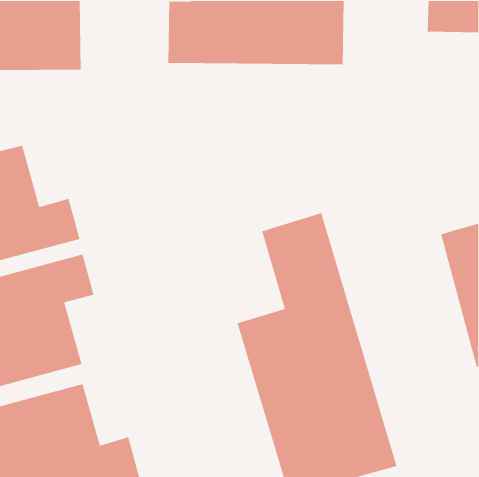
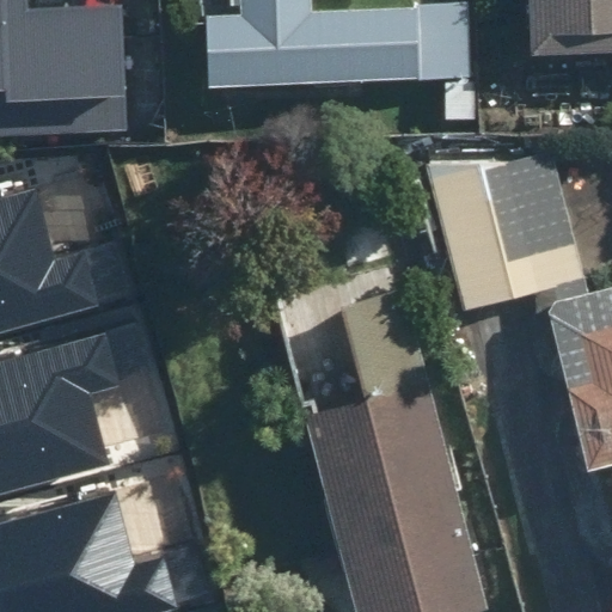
building: none -> [422,126,587,310]

